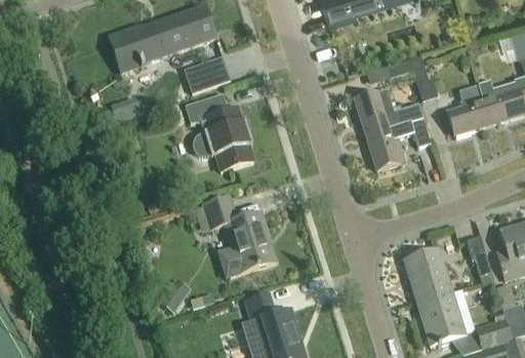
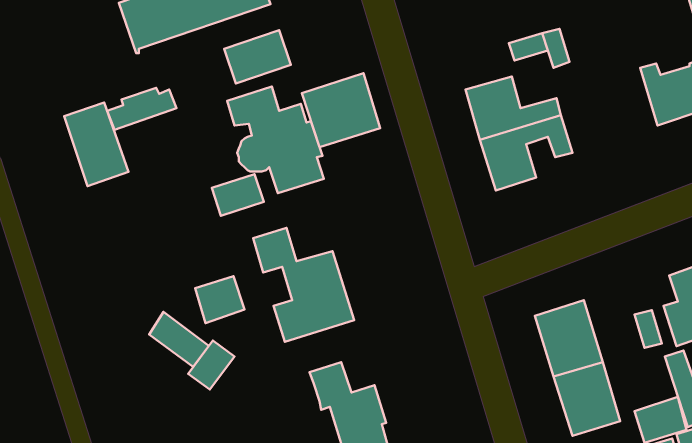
building: [448,83,491,134] -> none
building: none -> [302,73,380,147]
building: none -> [64,103,129,186]
building: none -> [212,174,264,216]
building: none -> [195,276,244,323]
building: none -> [149,312,209,367]

